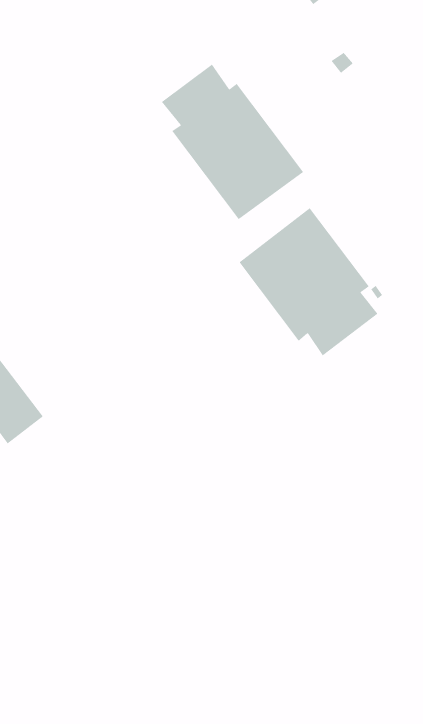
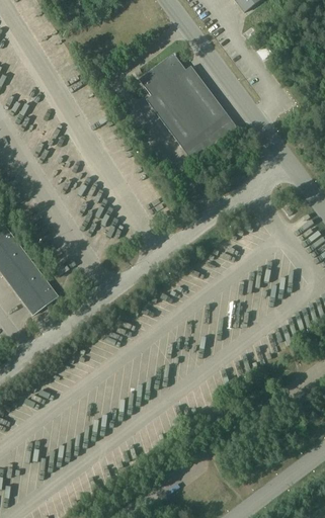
building: [238,207,379,356] -> none

